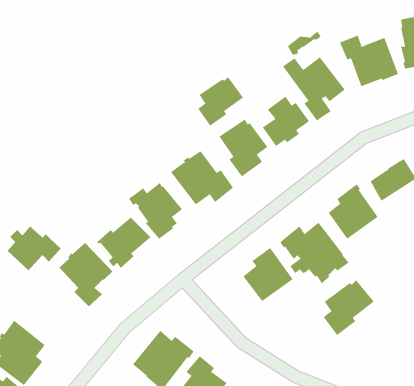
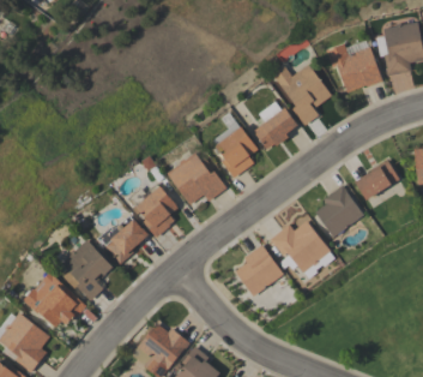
building: [198,76,244,126] -> none
building: [7,225,62,271] -> [35,285,86,328]
building: [323,279,374,336] -> none

